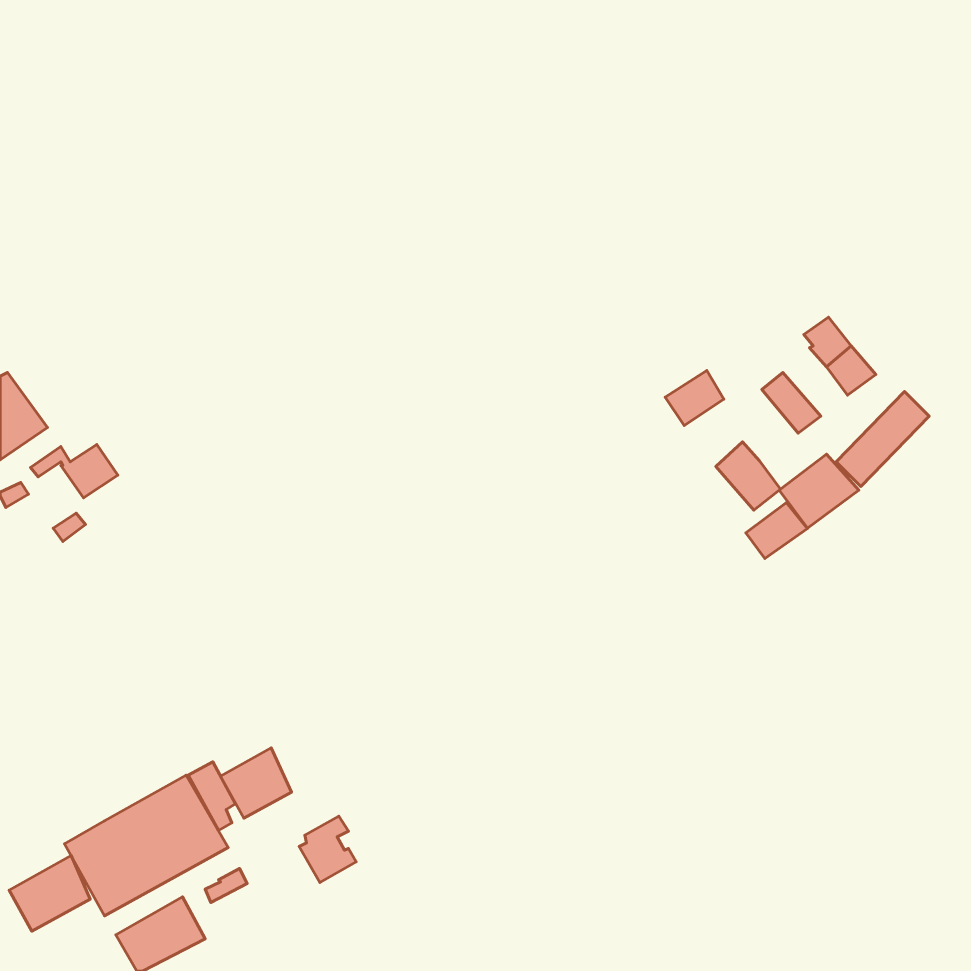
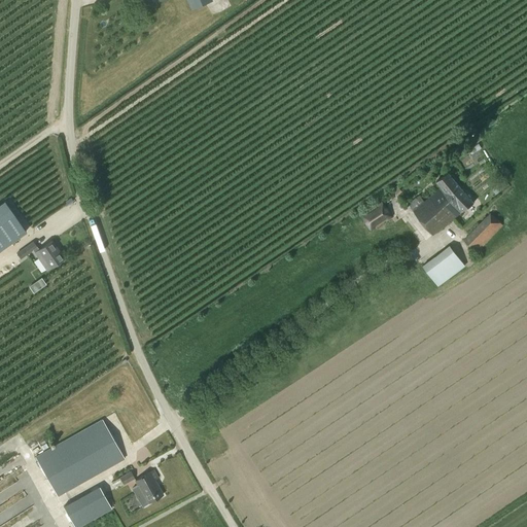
building: [716,442,780,510] -> [424,188,459,225]
building: [746,502,808,558] -> none
building: [221,748,291,818] -> none
building: [299,816,356,883] -> [132,470,163,506]
building: [9,856,90,931] -> none

